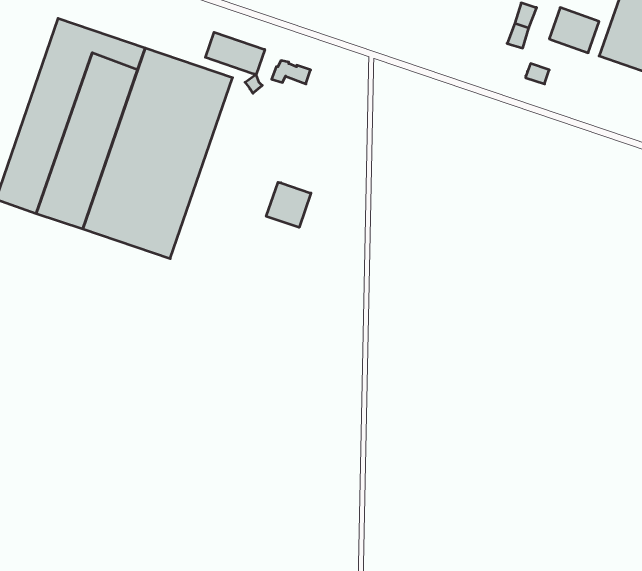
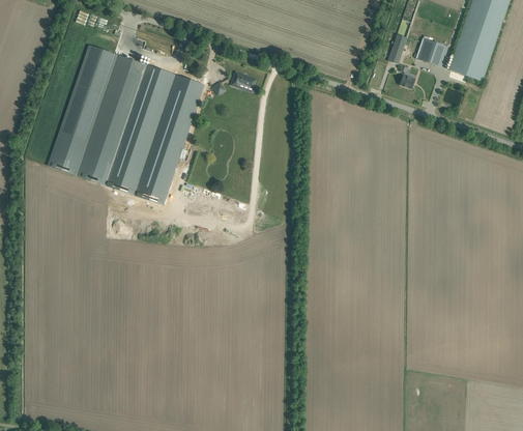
building: [205,32,265,75] -> none
building: [266,182,311,227] -> none

